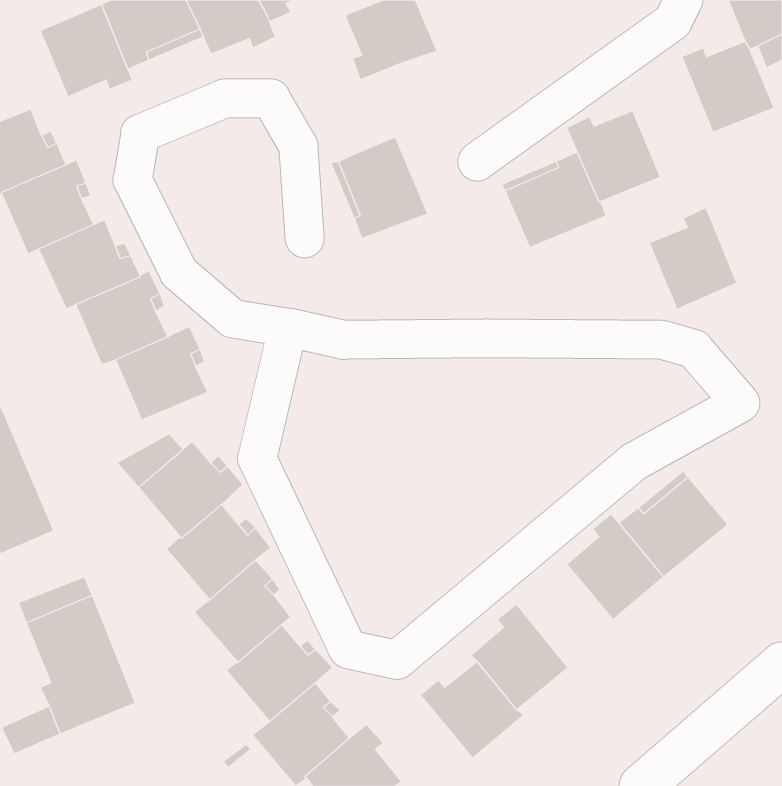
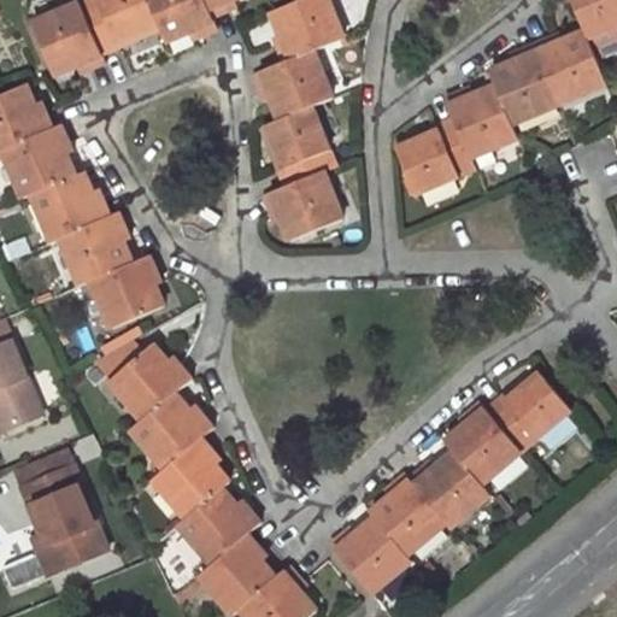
building: none -> [252,51,330,121]
building: [649,208,737,309] -> [489,45,558,124]
building: none -> [263,172,341,241]
building: none -> [409,452,489,528]

